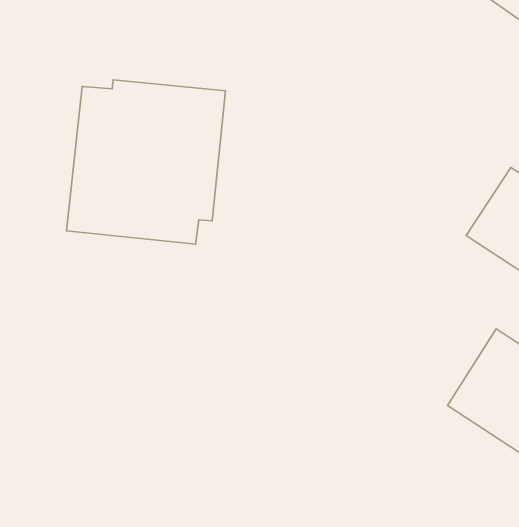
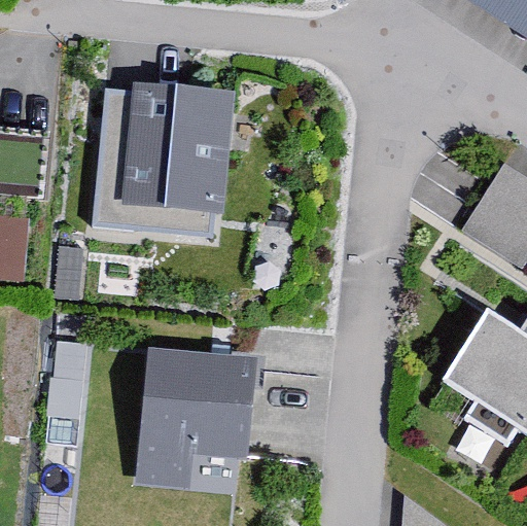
building: none -> [134,347,256,487]

